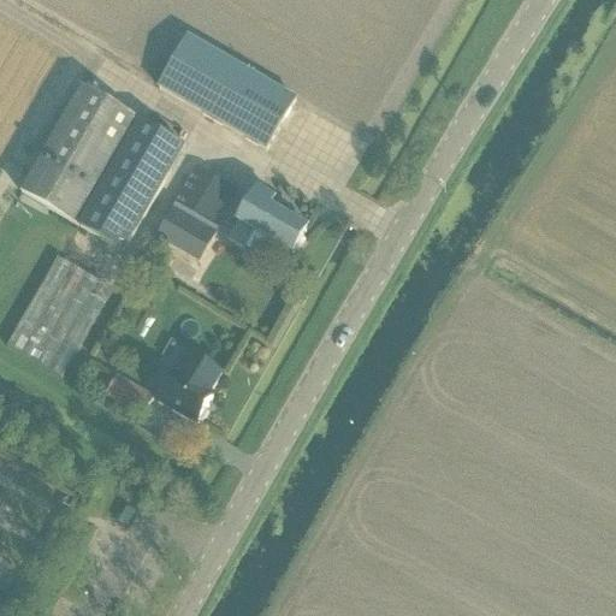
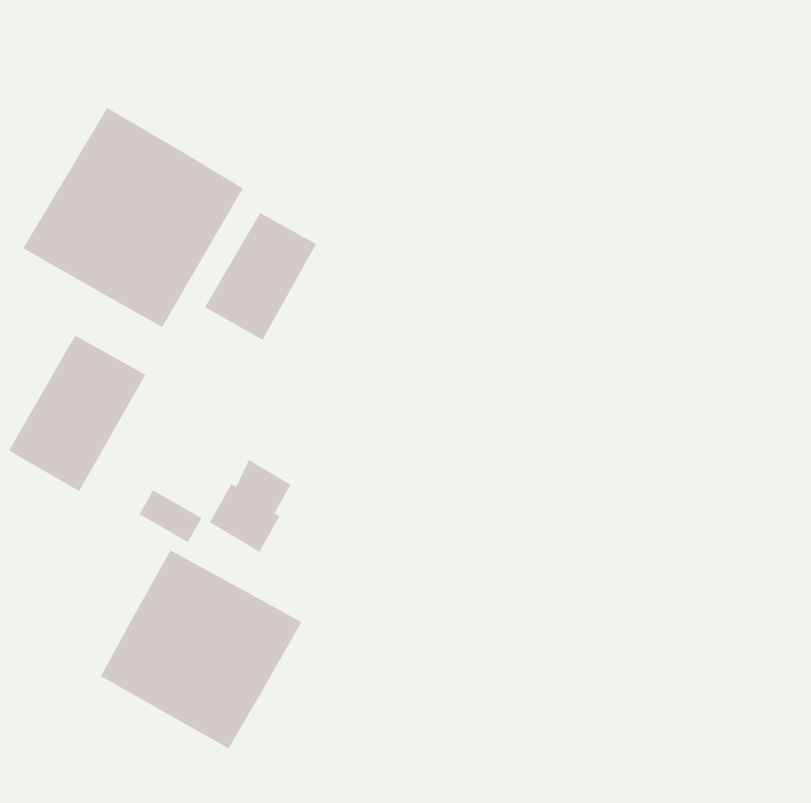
building: [156,30,296,143] -> none
building: [229,183,306,247] -> none
building: none -> [100,549,303,749]

